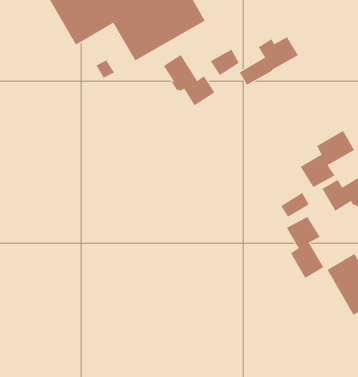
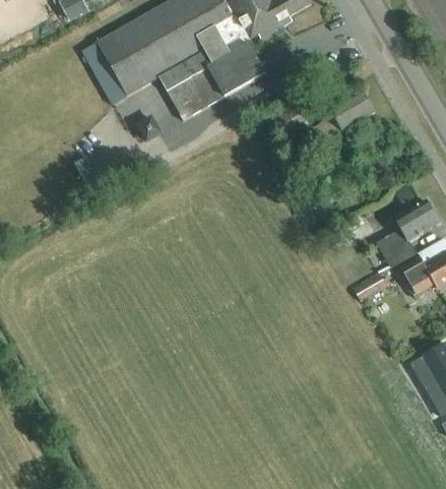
building: [163,54,215,106] -> none
building: [286,216,324,279] -> none

